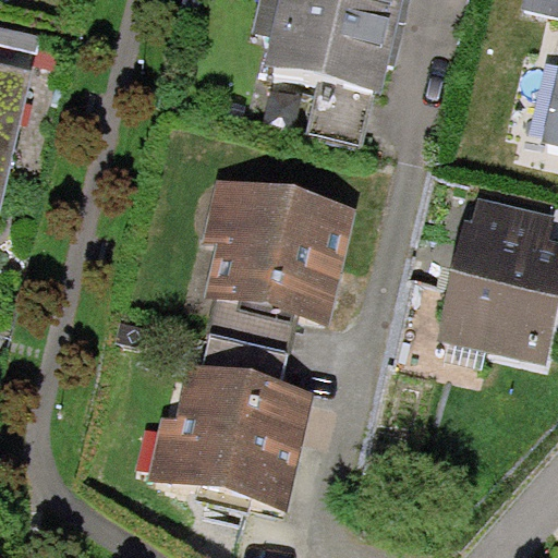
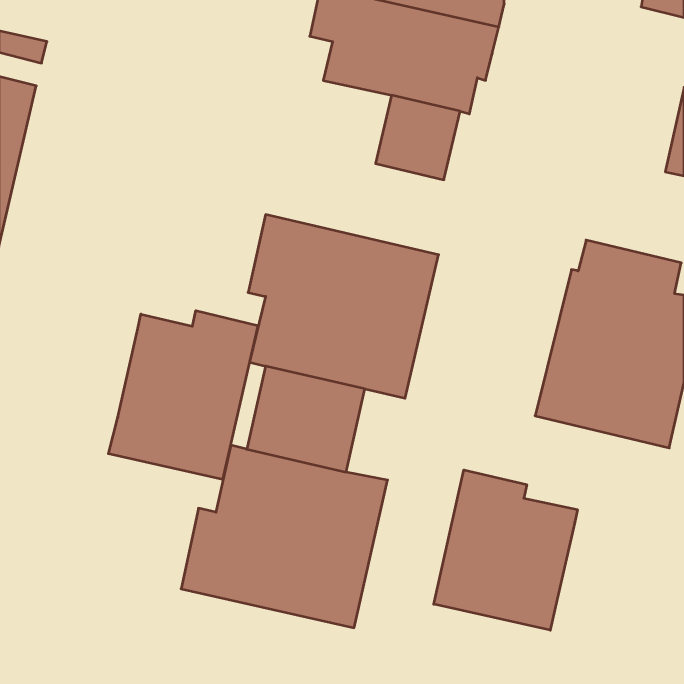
building: none -> [108,311,258,480]
building: none -> [434,470,577,630]

